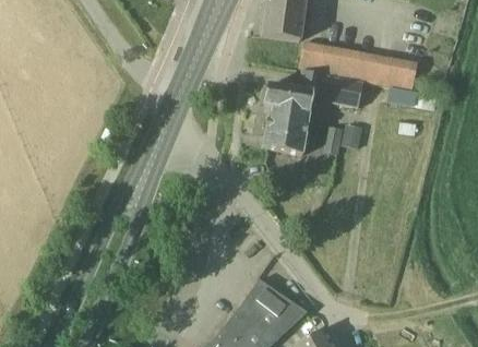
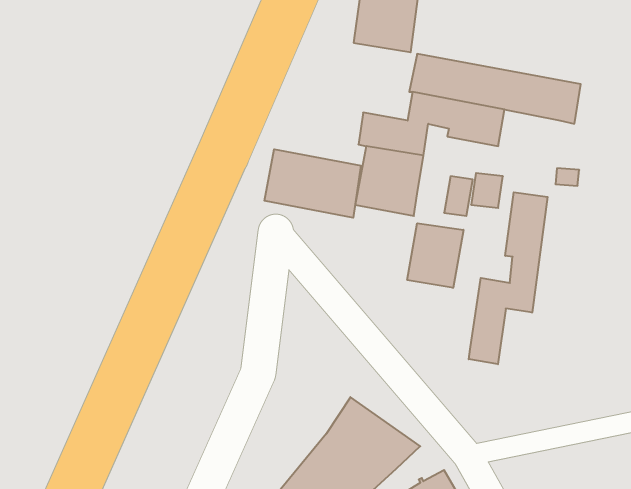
building: none -> [264,149,361,218]
building: none -> [469,192,548,364]
building: none -> [407,223,463,288]

